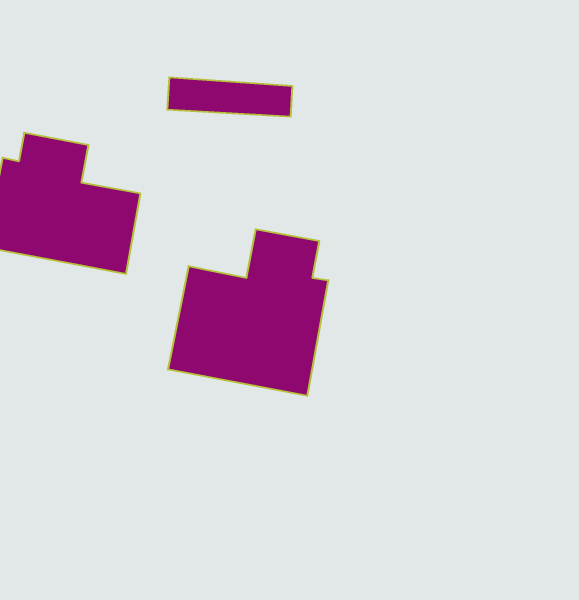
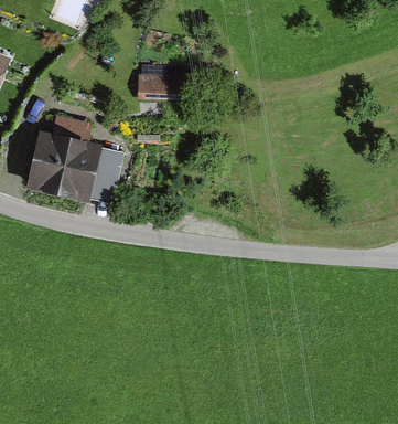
building: [168,229,328,396] -> none

